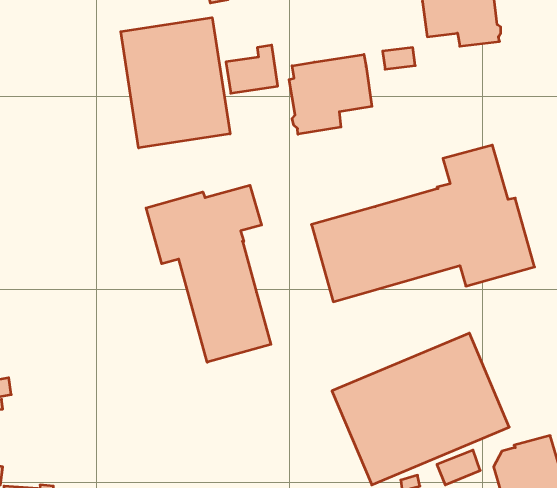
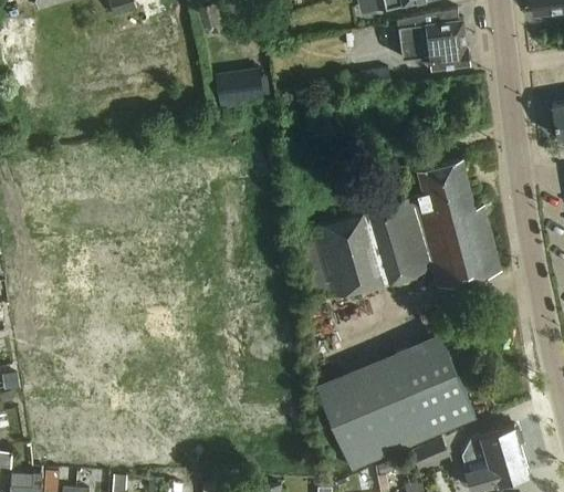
building: [121,18,230,148] -> none
building: [289,54,372,134] -> none
building: [146,185,271,362] -> none

